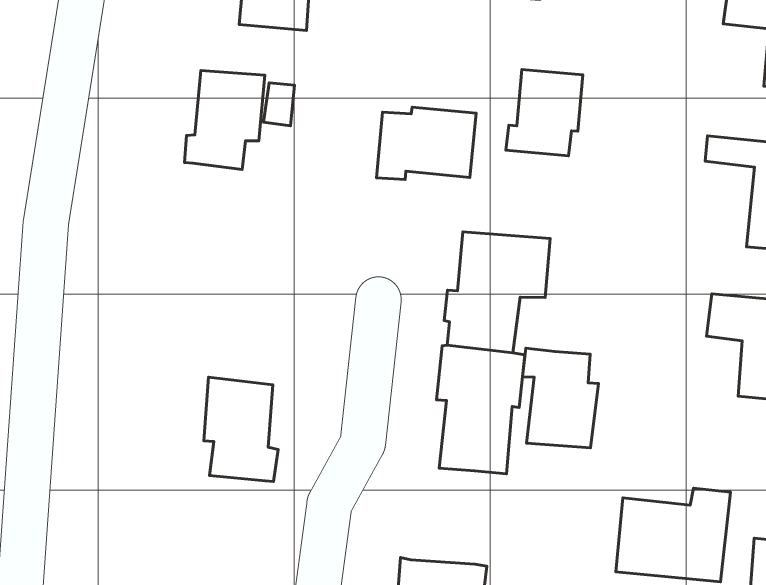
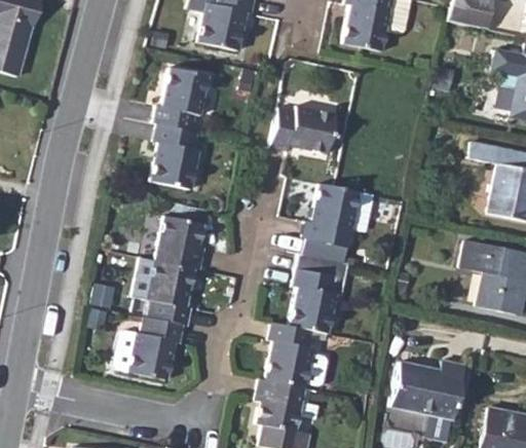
building: [506,69,583,156] -> none
building: none -> [154,124,202,189]
building: none -> [154,213,205,267]
building: [522,348,598,448] -> [266,325,314,390]
building: none -> [109,316,182,378]

